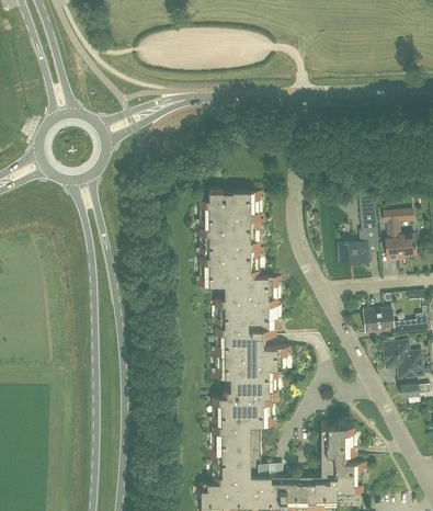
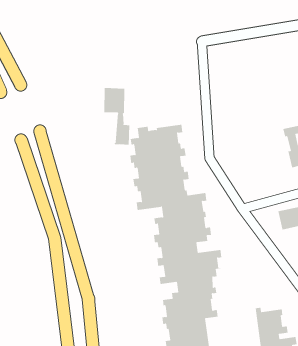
building: none -> [104,87,130,146]
building: [339,188,378,262] -> none

